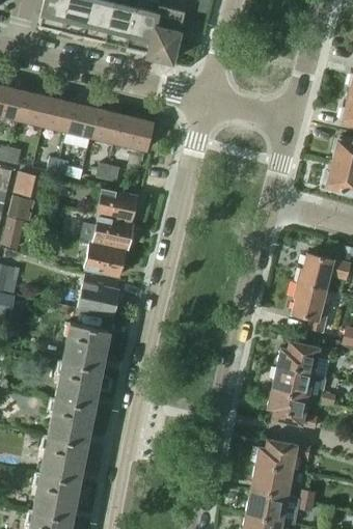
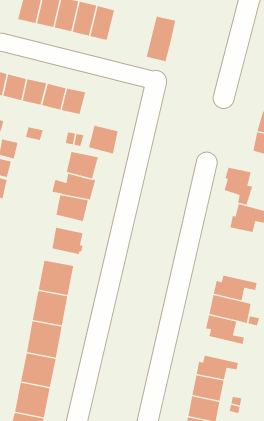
building: [147,5,185,62] -> [146,16,176,62]
building: [115,114,153,150] -> [88,125,118,154]
building: [294,281,330,329] -> [224,167,253,206]

